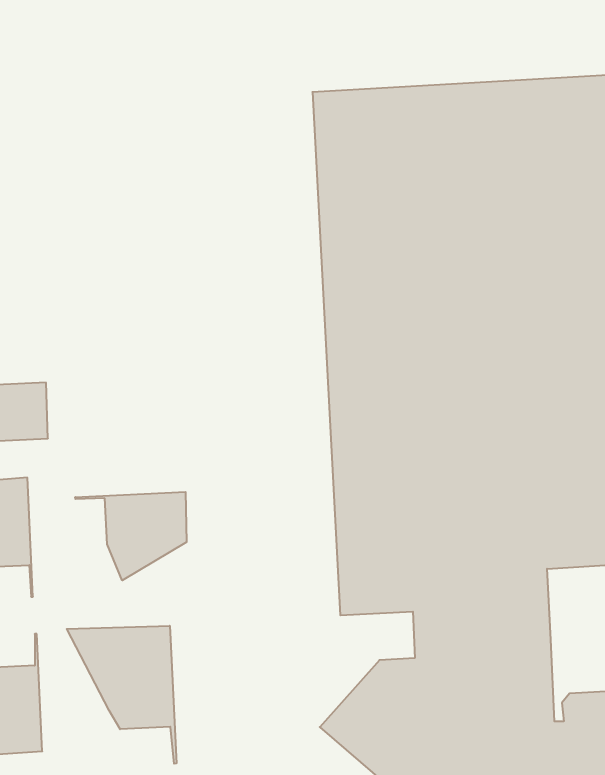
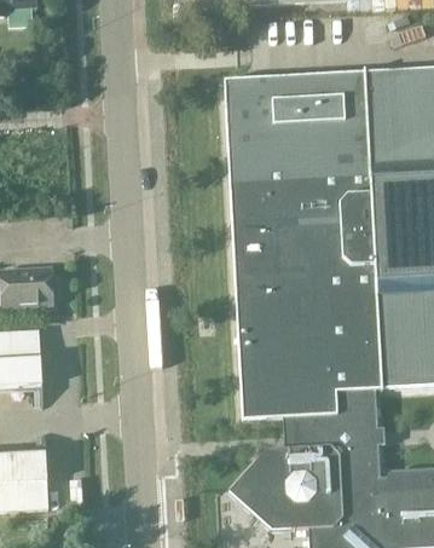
building: [75,492,186,580] -> none
building: [67,626,176,764] -> none

